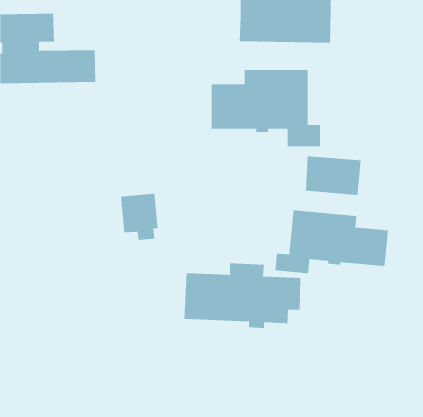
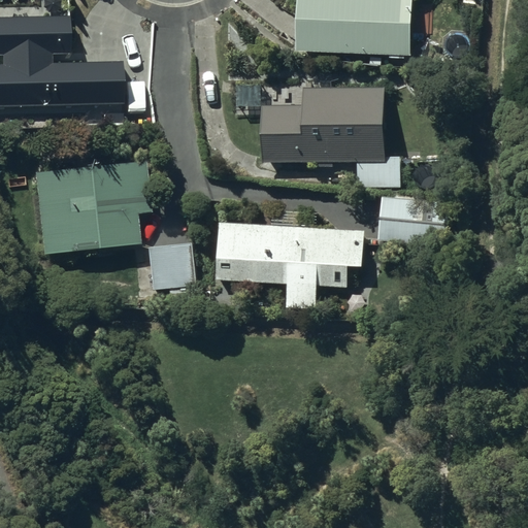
building: none -> [32,163,138,257]
building: [275,209,388,274] -> none
building: [183,263,301,328] -> [217,209,363,291]

